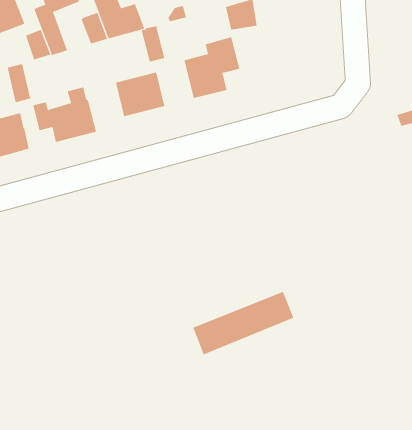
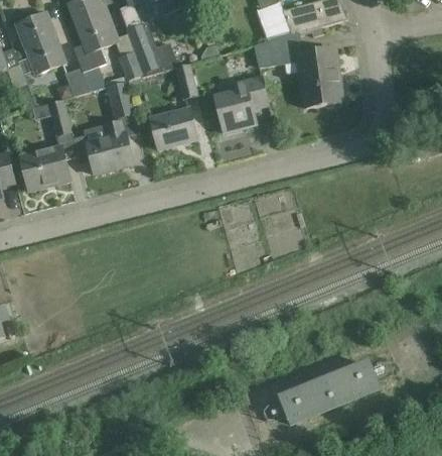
building: none -> [297,46,342,106]
building: none -> [108,80,134,116]
building: [193,291,294,355] -> [278,361,374,422]

